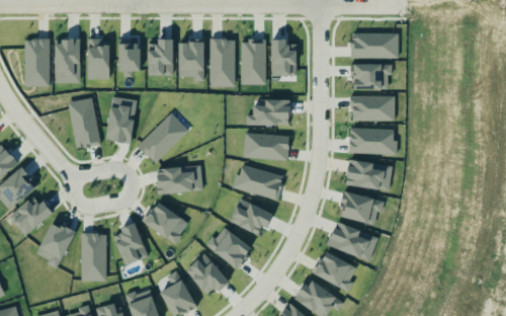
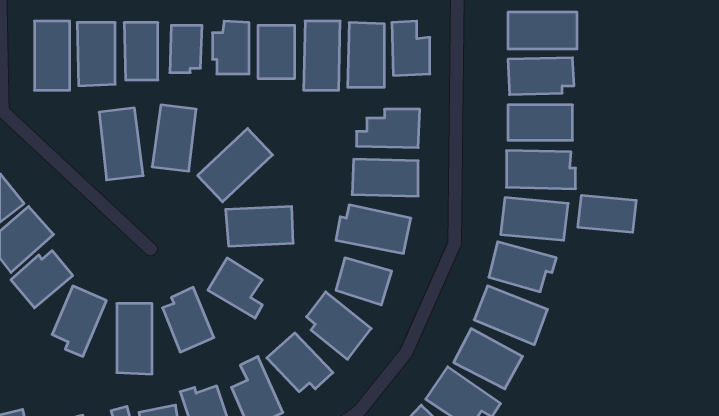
building: none -> [578,195,636,232]

